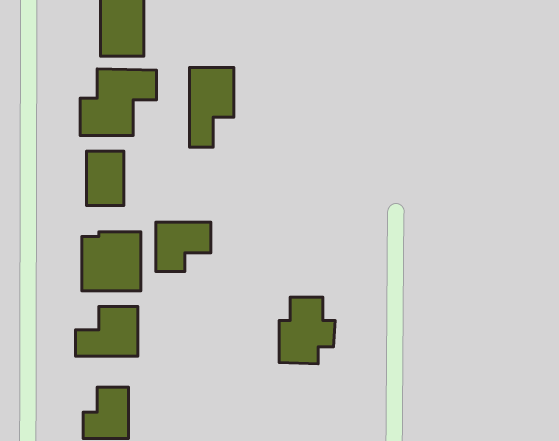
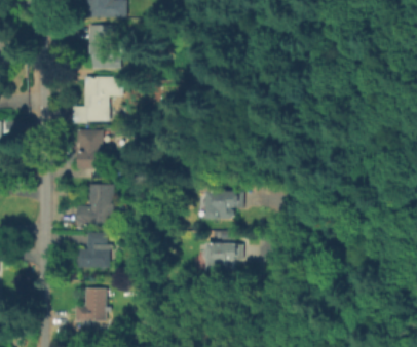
building: [190,68,234,147] -> none
building: [156,222,211,271] -> none
building: none -> [204,191,241,219]

